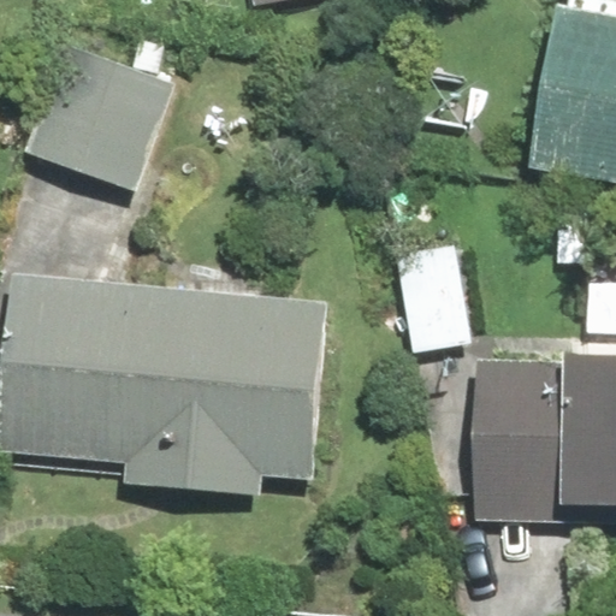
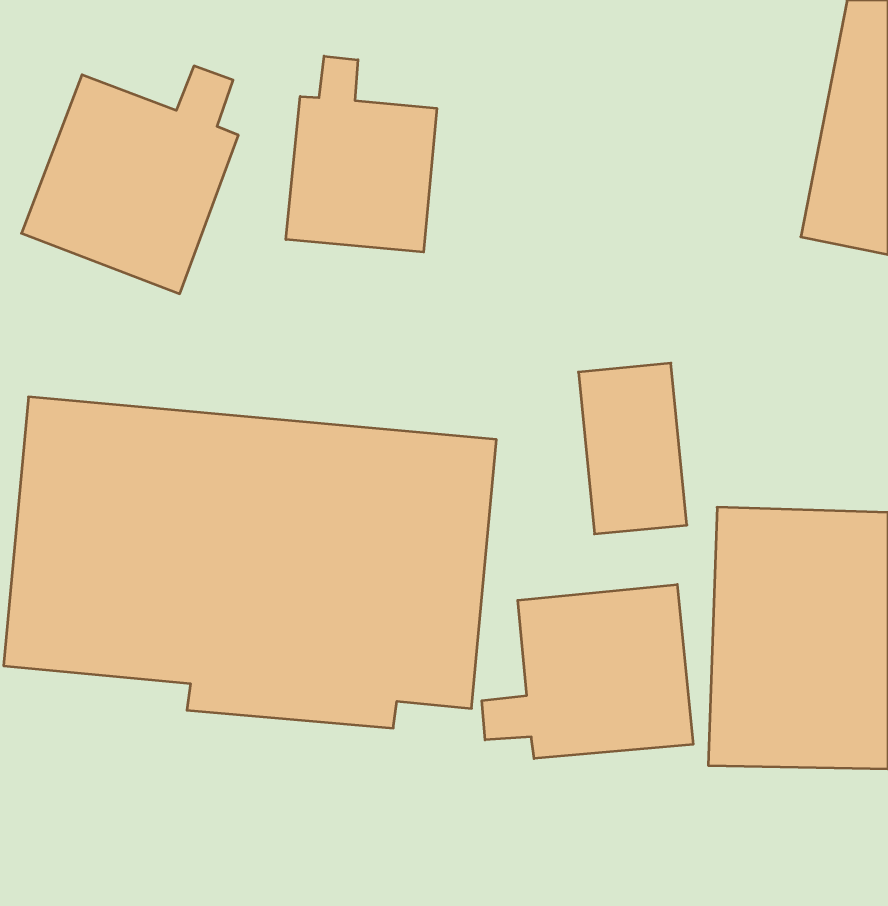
building: none -> [286,56,437,252]
building: none -> [482,584,693,759]

